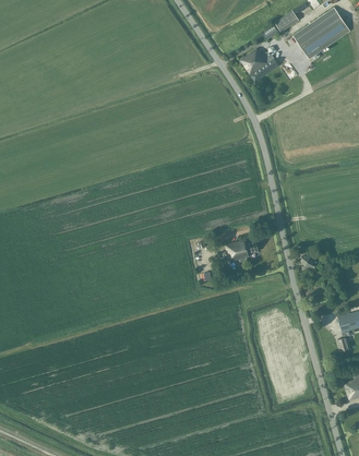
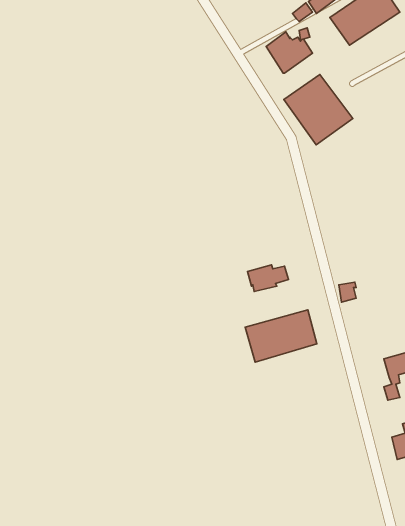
building: none -> [284,75,353,145]
building: none -> [245,310,317,362]

